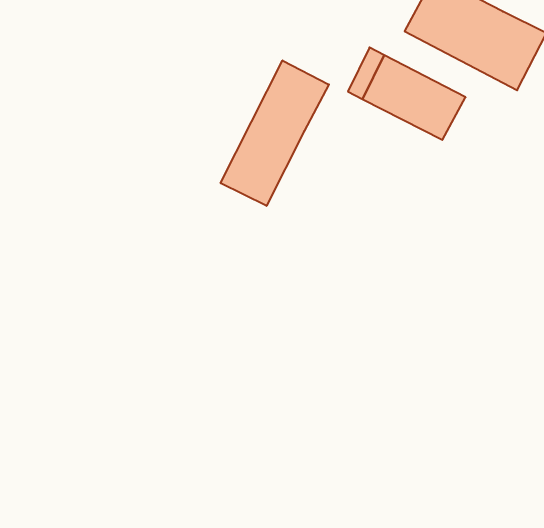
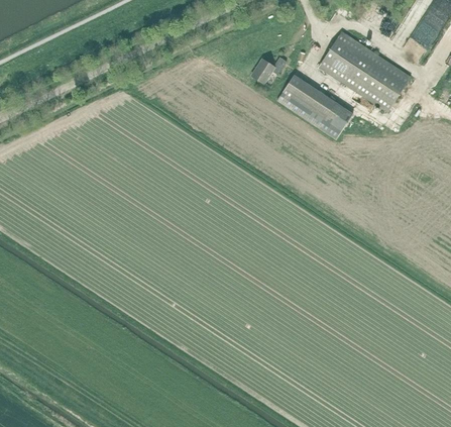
building: none -> [252,57,288,84]
building: [221,60,329,206] -> none

